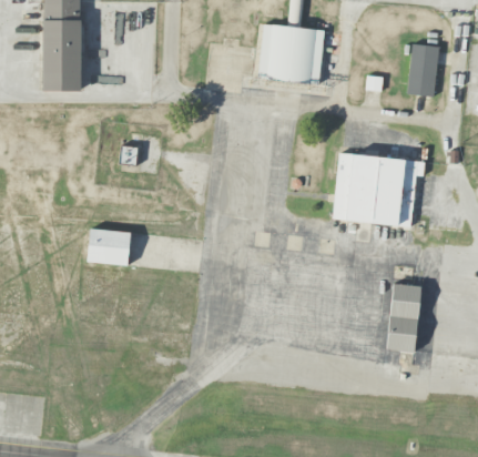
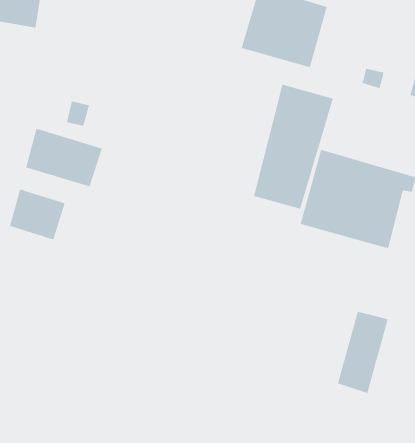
building: none -> [254,84,333,210]
building: none -> [25,128,102,187]

